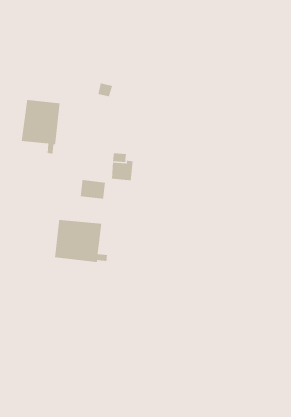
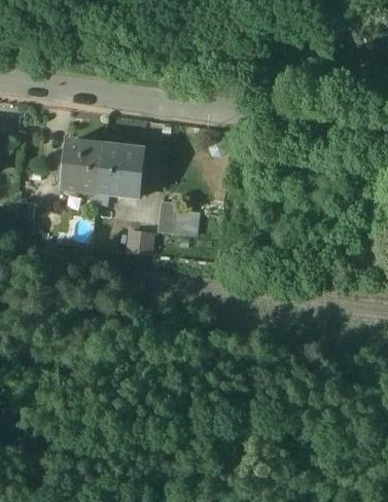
building: none -> [96,143,142,202]
building: [54,219,108,263] -> none

